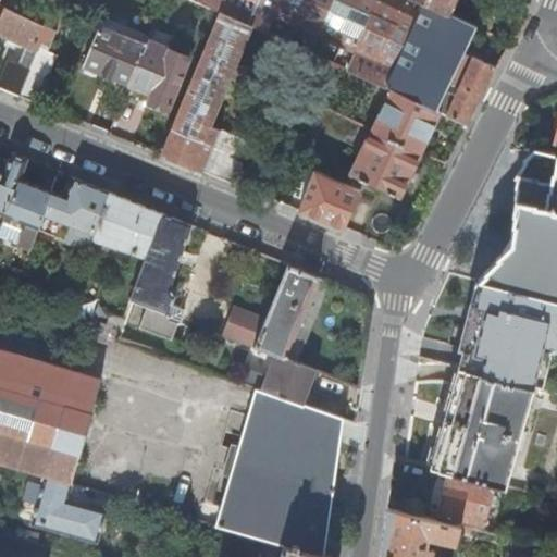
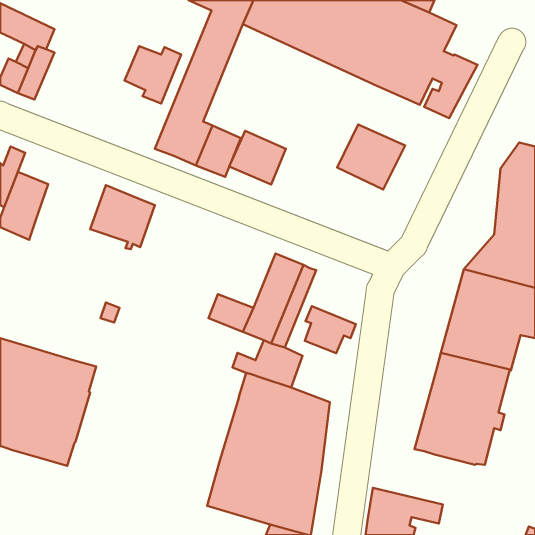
building: [84,7,152,84] -> none
building: [372,89,441,151] -> none
building: [299,173,358,228] -> [229,131,286,184]
building: [37,177,110,249] -> none
building: [132,213,191,339] -> none
building: none -> [305,306,356,353]
building: [431,469,494,523] -> none
building: [29,476,103,544] -> none

